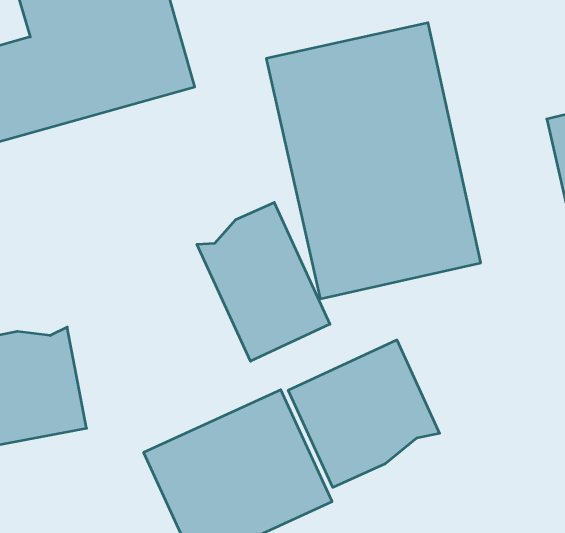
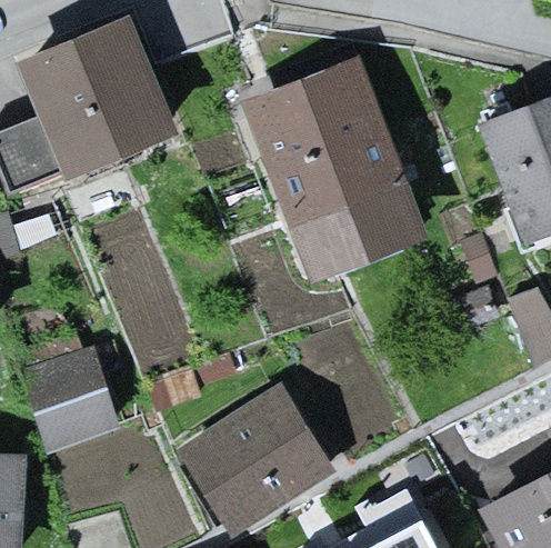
building: [197,202,330,361] -> none
building: [288,340,440,487] -> none

